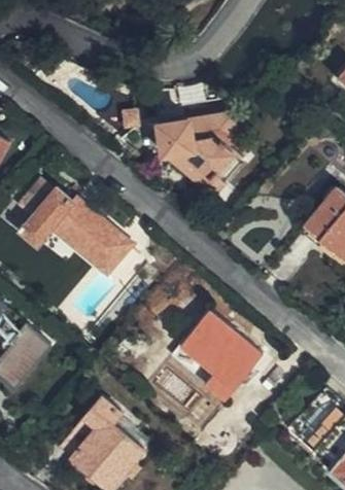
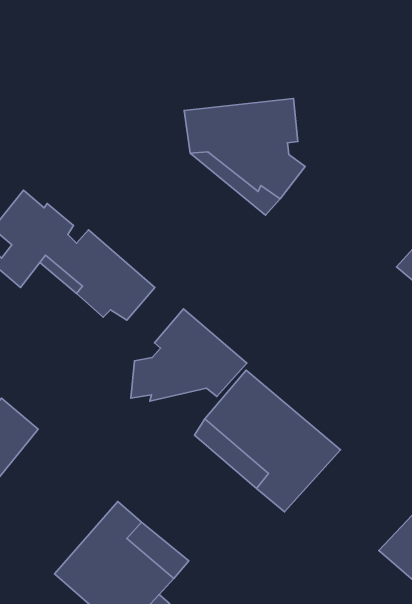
building: none -> [131,309,247,401]

